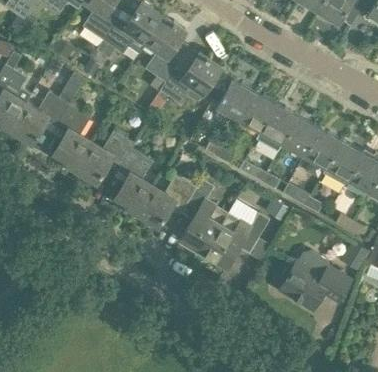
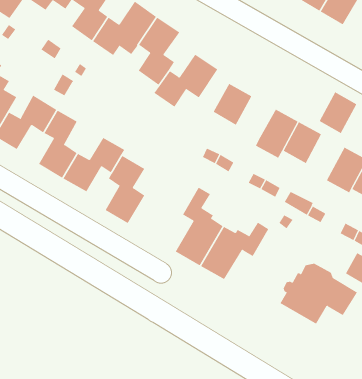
building: [238,93,275,132] -> none
building: [304,129,340,169] -> [319,92,357,134]
building: [136,176,195,227] -> none

